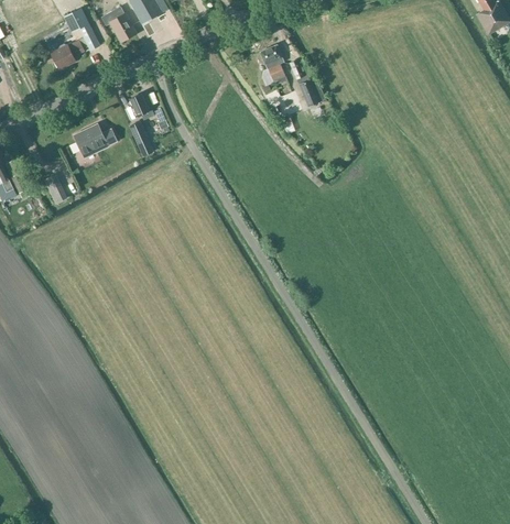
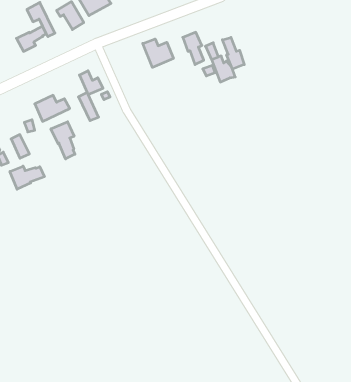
building: none -> [222,37,244,69]
building: none -> [143,39,173,67]
building: none -> [51,122,75,159]
building: none -> [10,166,44,189]

